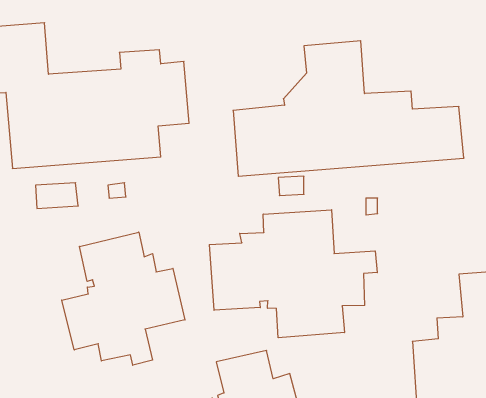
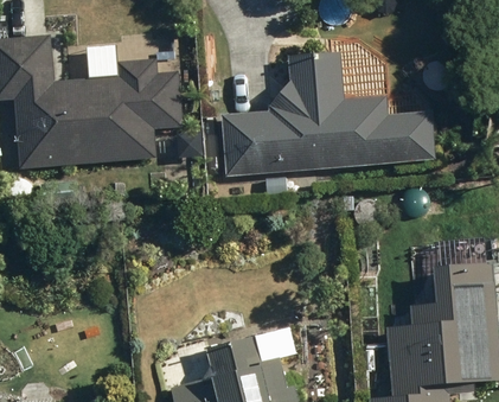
building: [209,210,377,338] -> none
building: [62,232,185,365] -> none

